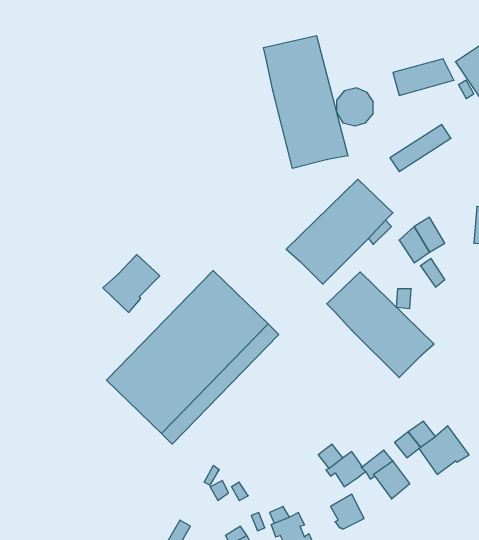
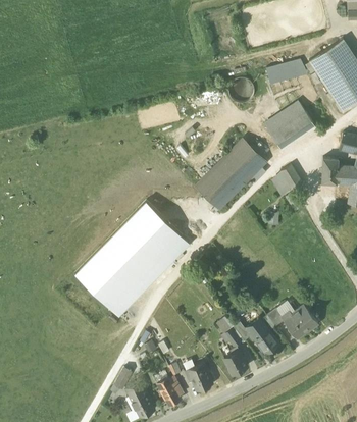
building: [263,36,348,168] -> none
building: none -> [271,112,314,147]
building: [103,255,160,312] -> none
building: [327,272,434,378] -> none

